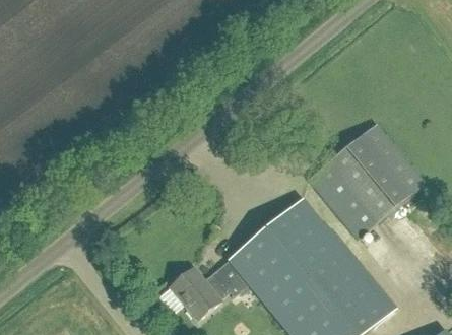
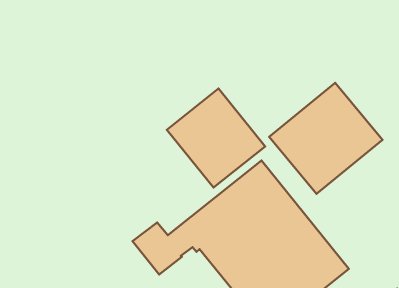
building: none -> [167,88,265,188]

